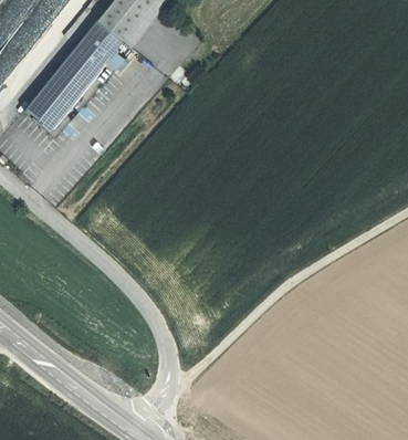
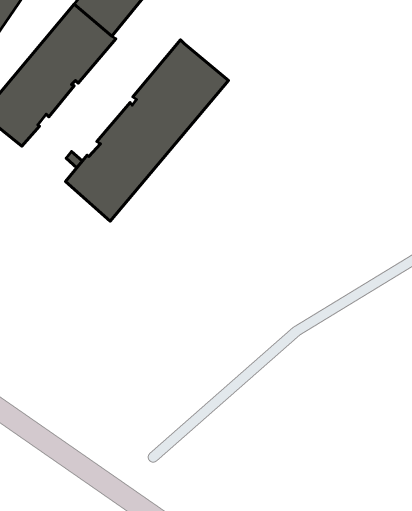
building: none -> [65,40,229,221]

